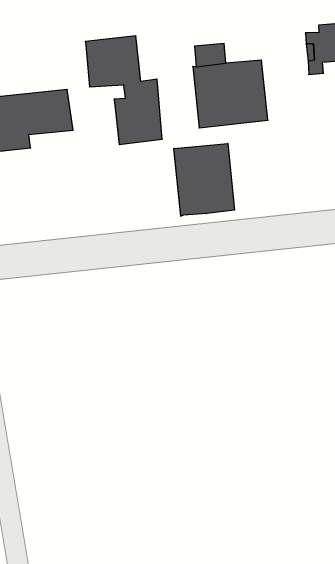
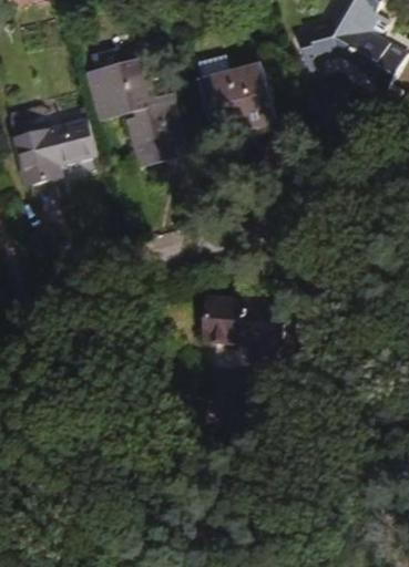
building: [174,143,234,216] -> none
building: none -> [203,297,282,361]

